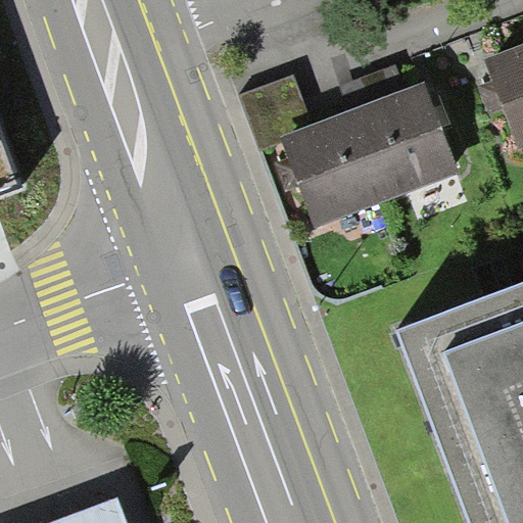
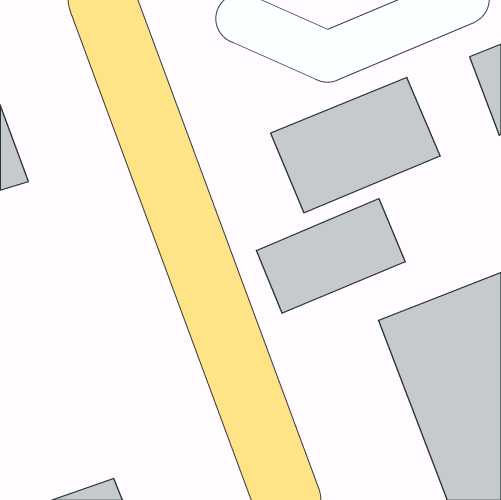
building: none -> [256,199,405,313]

